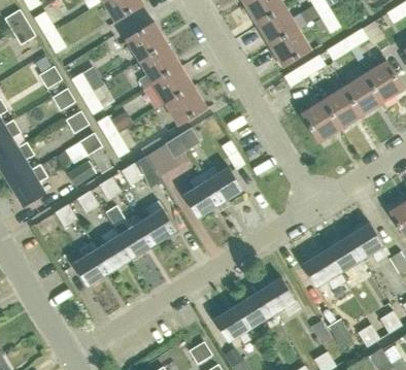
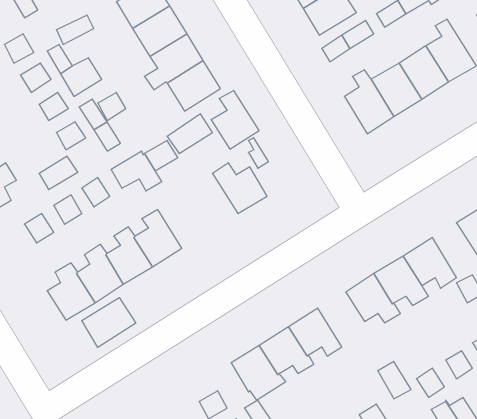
building: [182,173,219,218] -> [211,90,259,149]
building: none -> [82,298,136,347]

